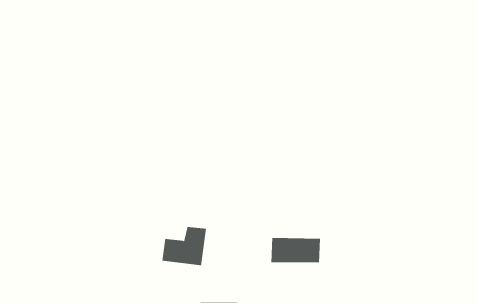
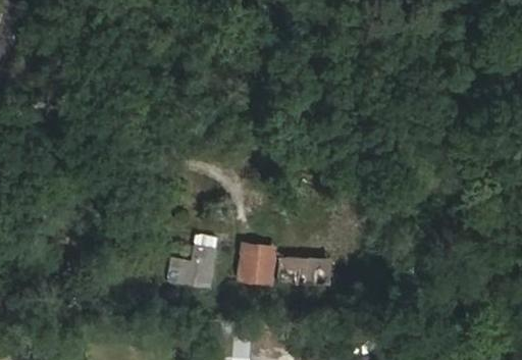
building: none -> [240,249,276,285]

